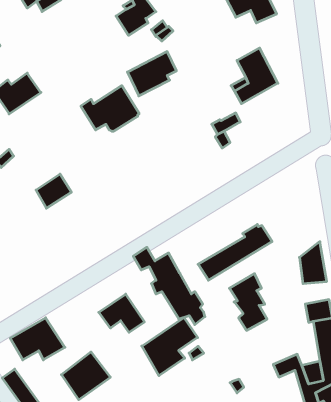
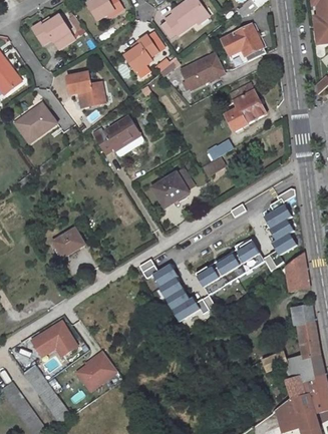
building: none -> [66,70,103,105]
building: [127,52,176,96] -> [180,51,223,90]
building: none -> [151,168,193,207]
building: [36,174,71,208] -> [53,228,84,258]
building: [229,274,267,330] -> [264,203,297,254]
building: [99,294,144,332] -> none
building: [142,318,198,376] -> none

